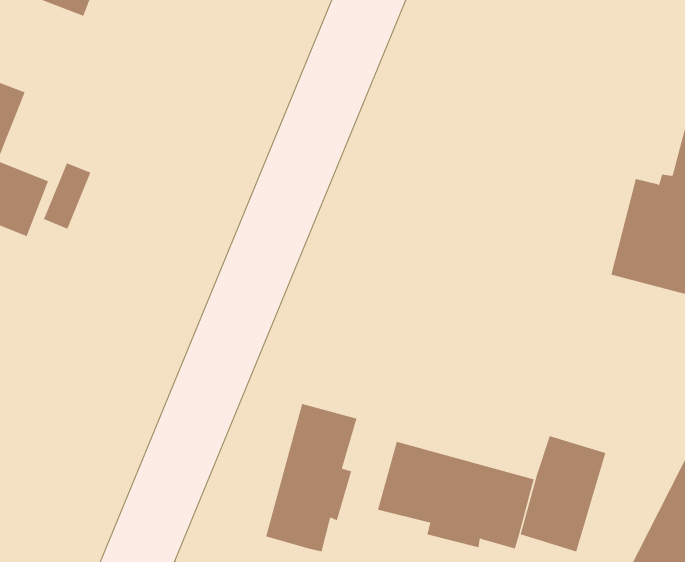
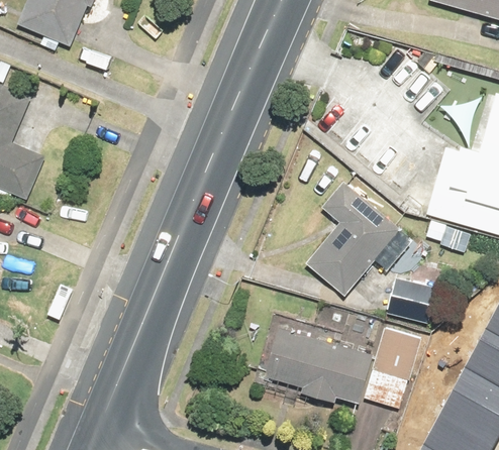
building: none -> [308,181,418,300]
building: none -> [389,279,438,320]
building: [265,403,357,552] -> none

